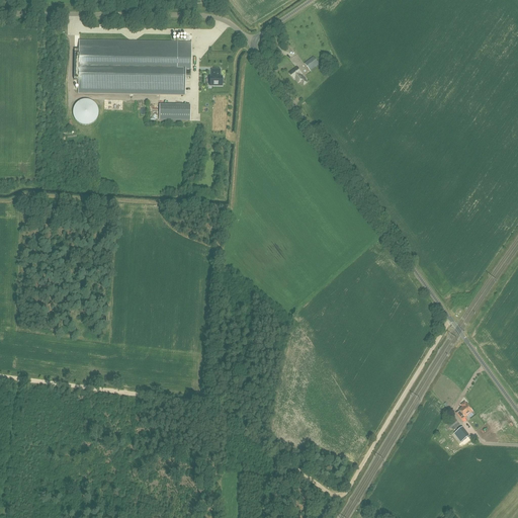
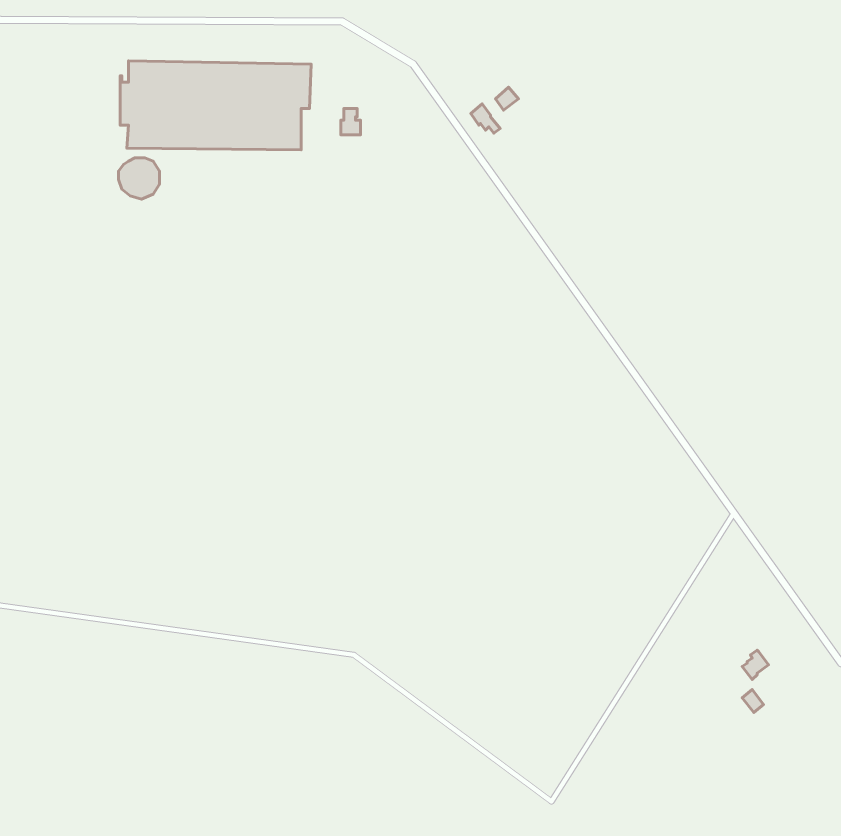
building: [159,102,190,117] -> none

